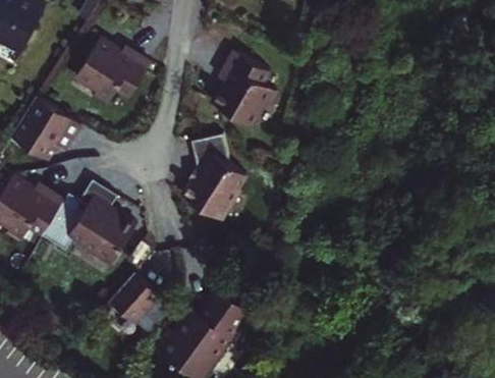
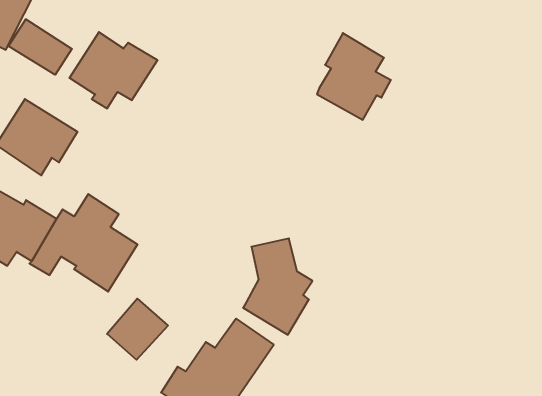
building: none -> [9,19,72,75]
building: [213,51,277,126] -> [317,33,391,120]
building: [184,134,244,218] -> [243,238,312,335]

